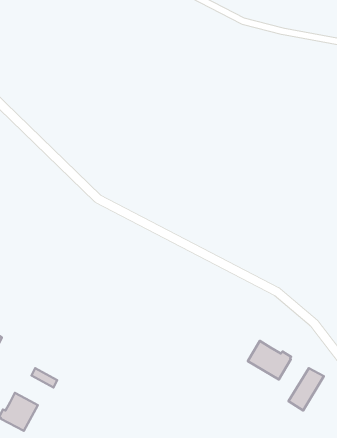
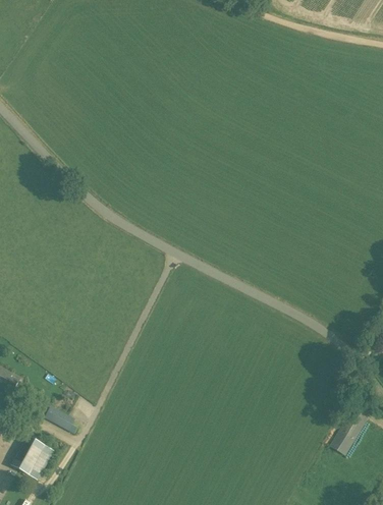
building: [248,341,291,379] -> none

